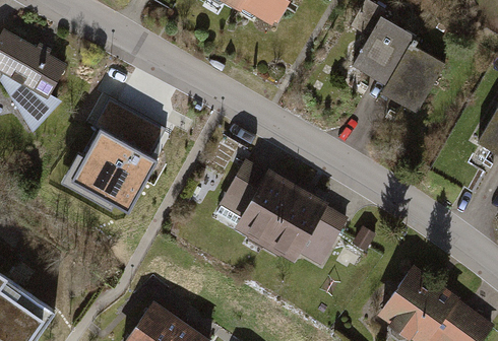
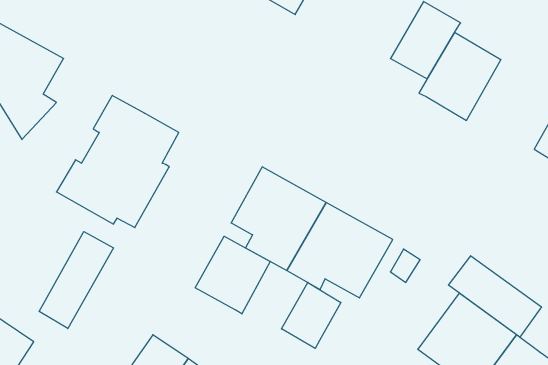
building: none -> [39,232,114,329]
building: none -> [195,236,270,314]
building: none -> [448,256,541,337]
building: none -> [281,282,341,348]

